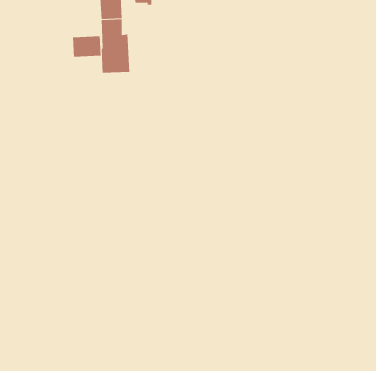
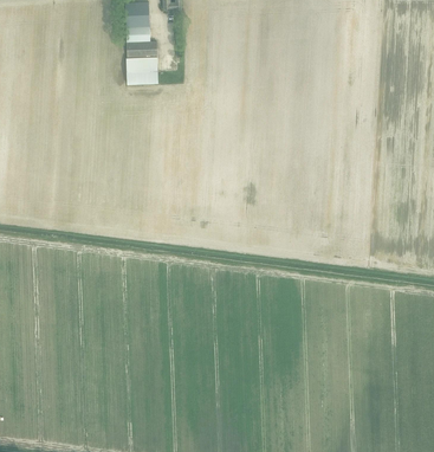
building: [73,36,101,57] -> none

